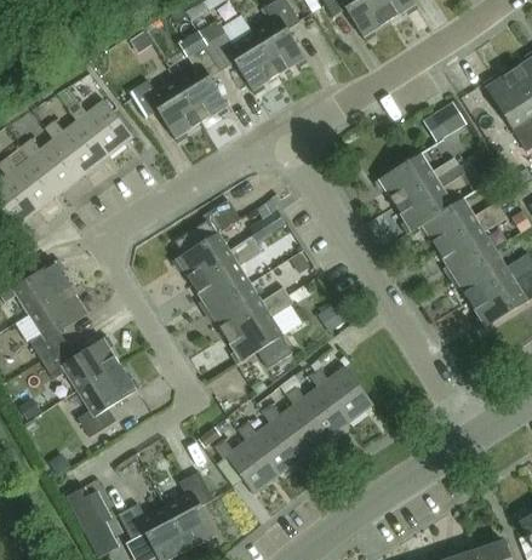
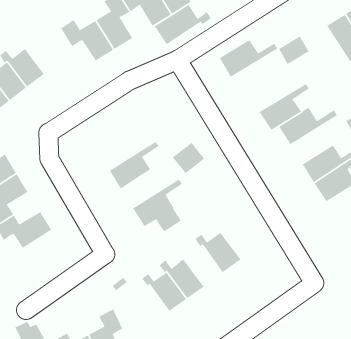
building: none -> [154,4,212,45]
building: [70,101,133,155] -> none
building: [381,154,461,206] -> [219,39,278,78]
building: [439,211,508,276] -> none
building: [176,219,258,285] -> none
building: [211,284,290,336] -> none
building: [78,365,136,436] -> none
building: [286,385,348,441] -> none
building: [217,439,276,492] -> none

